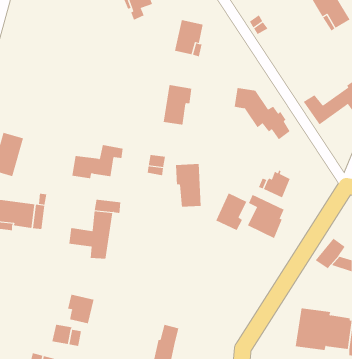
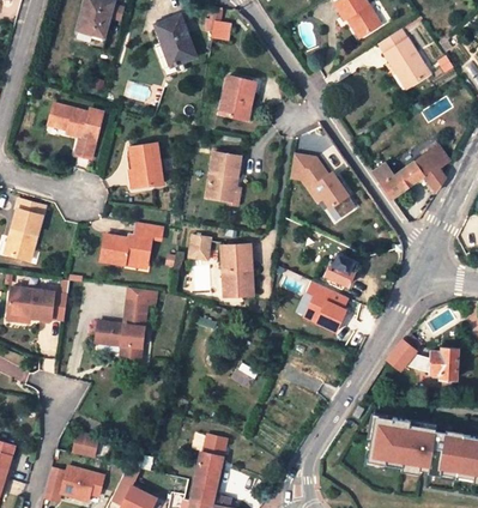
building: none -> [49,104,105,159]
building: none -> [129,143,162,186]
building: [215,193,247,231] -> none
building: [67,294,94,324] -> none

